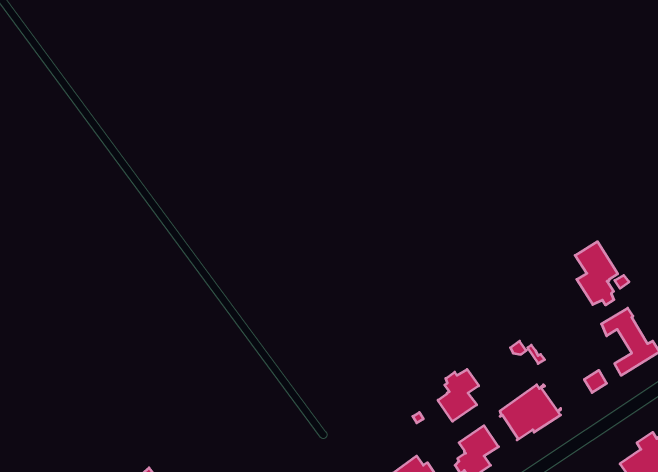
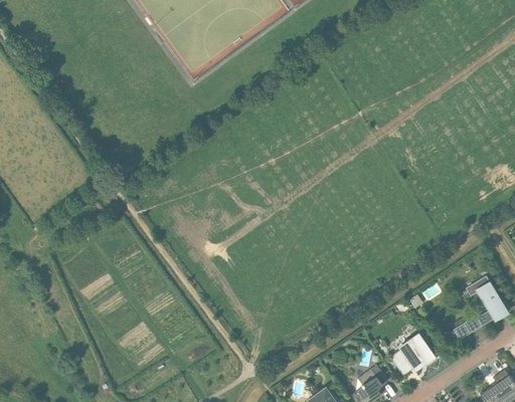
building: [575,242,618,305] -> none
building: [438,369,479,421] -> none

